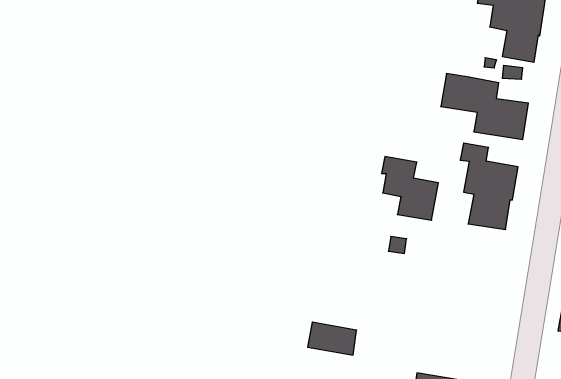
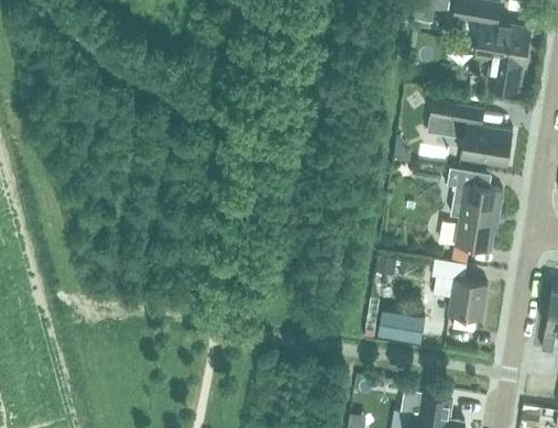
building: [382,157,438,220] -> [433,260,488,321]
building: [308,322,357,355] -> [378,310,425,342]

